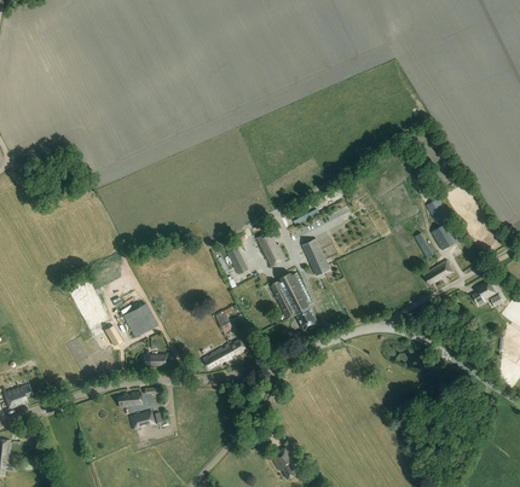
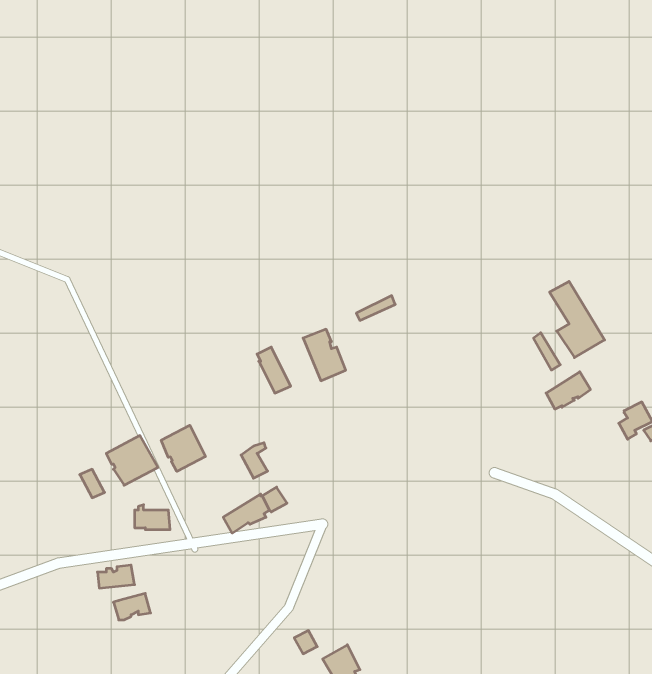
building: [301,238,331,277] -> none
building: [271,273,318,330] -> none
building: none -> [161,425,205,471]

